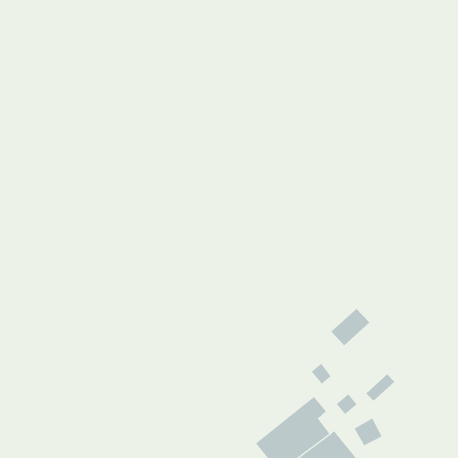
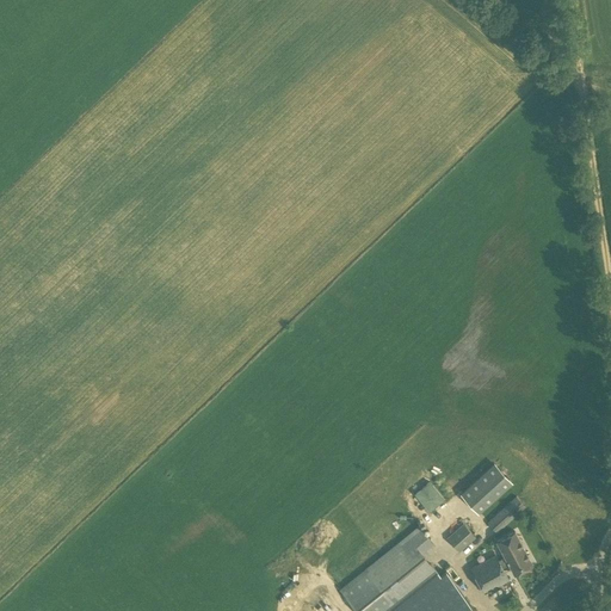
building: [331,308,370,346] -> [459,464,512,514]
building: none -> [495,532,531,575]

